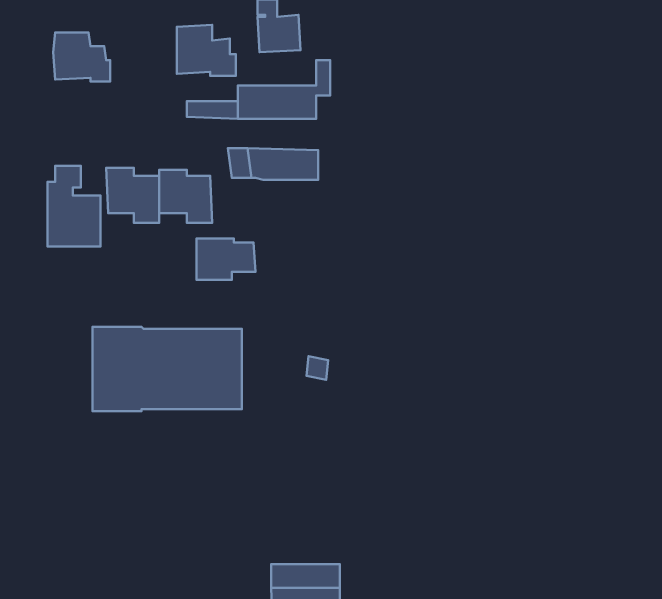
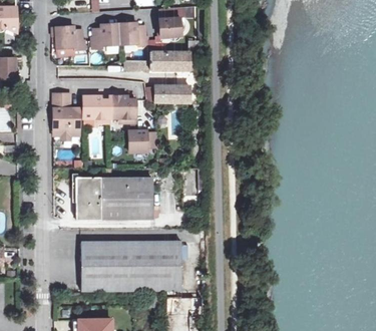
building: none -> [91,23,118,50]
building: none -> [80,242,181,291]

